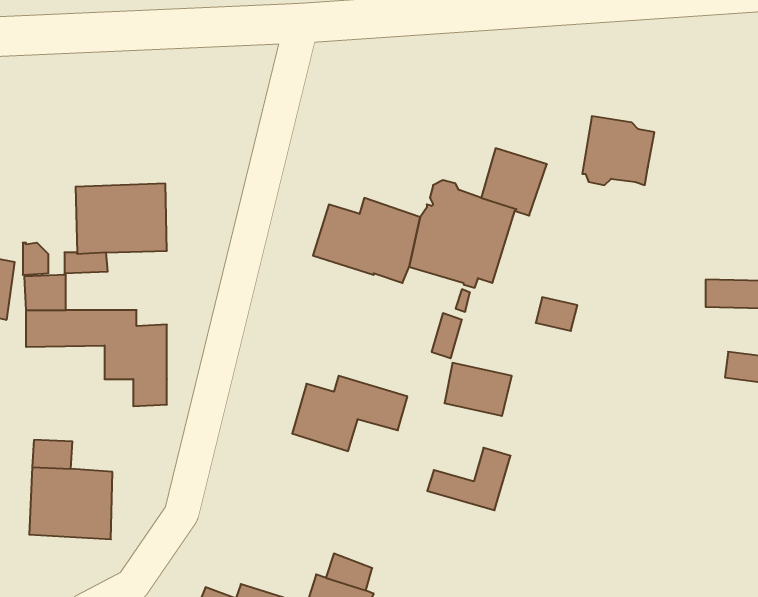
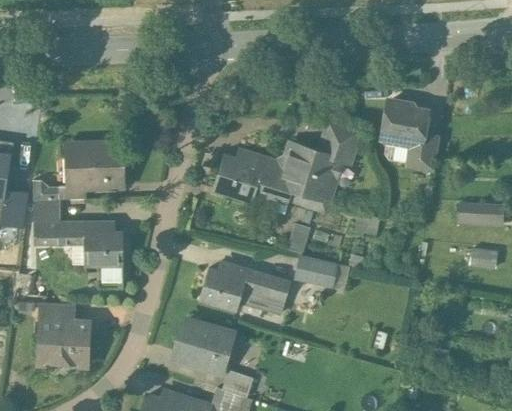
building: none -> [411,133,440,170]
building: [427,448,511,510] -> [238,276,290,315]
building: none -> [173,321,234,372]

